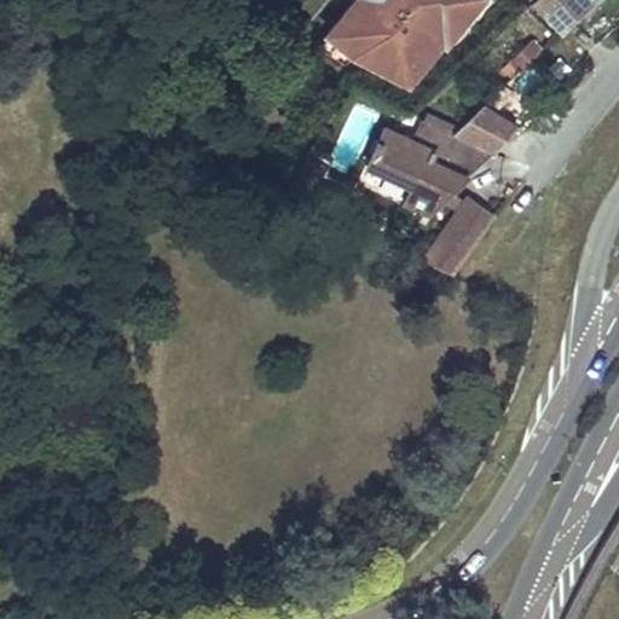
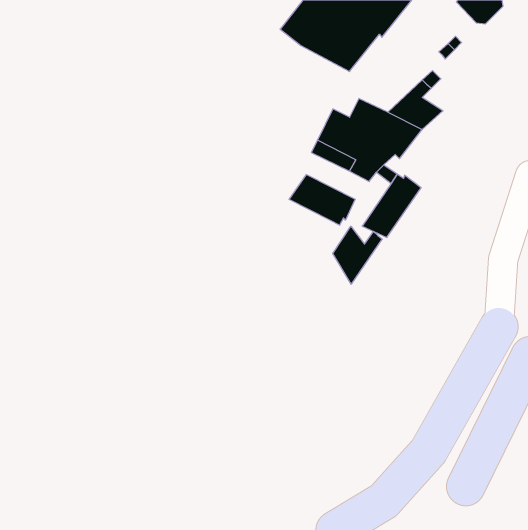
building: none -> [289,175,355,225]
building: none -> [333,226,382,284]

